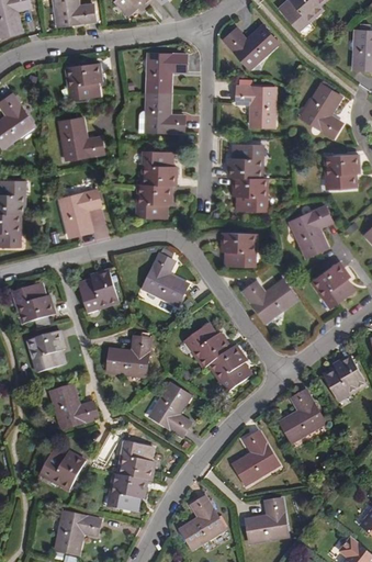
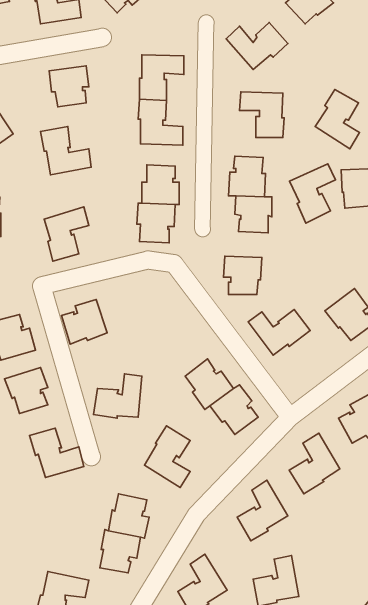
building: [291,205,331,258] -> [290,164,335,223]
building: [143,254,188,305] -> none
building: [42,447,84,488] -> none

